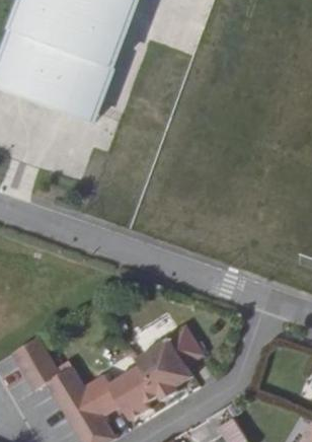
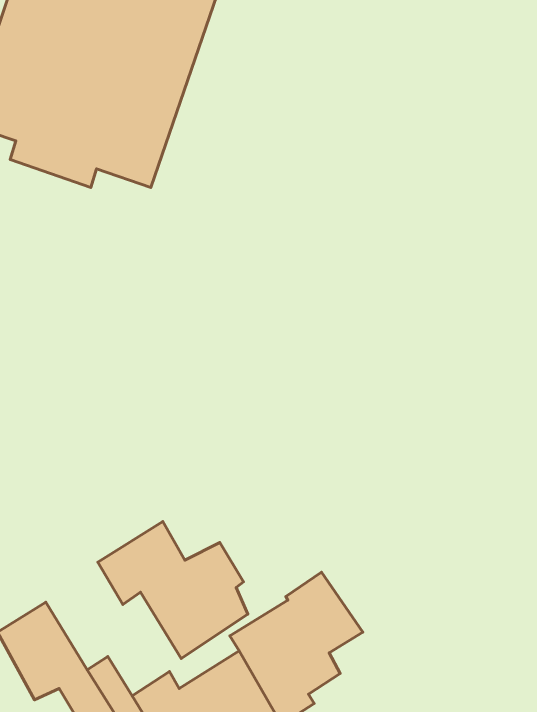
building: none -> [98,522,248,658]

